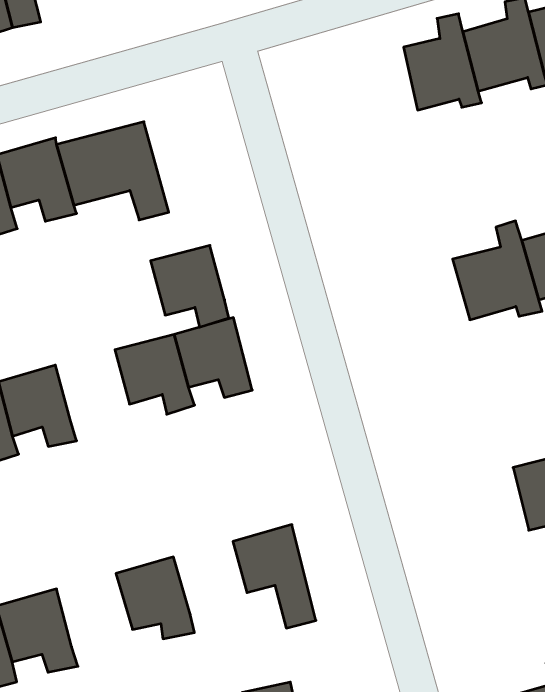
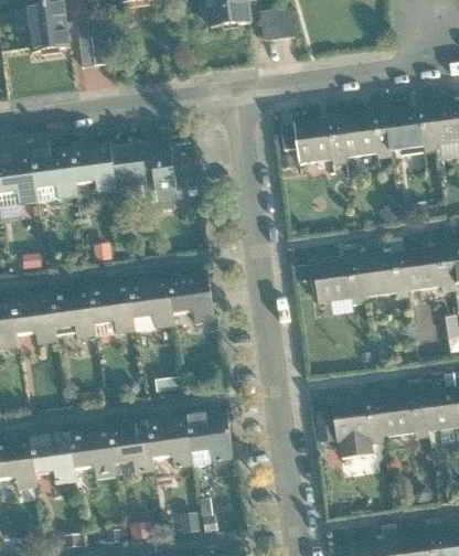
building: none -> [292,106,348,167]
building: none -> [310,245,363,308]
building: [151,245,229,327] -> [90,285,136,336]
building: none -> [331,386,381,462]
building: none -> [149,419,195,471]
building: none -> [71,429,117,482]

